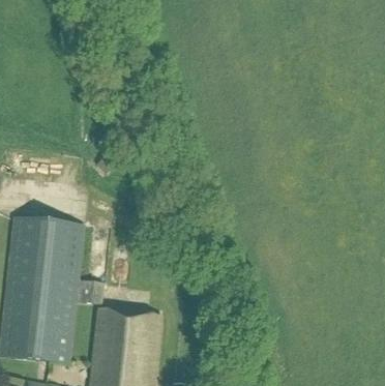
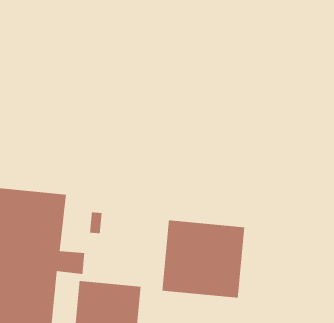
building: none -> [162,219,245,299]

